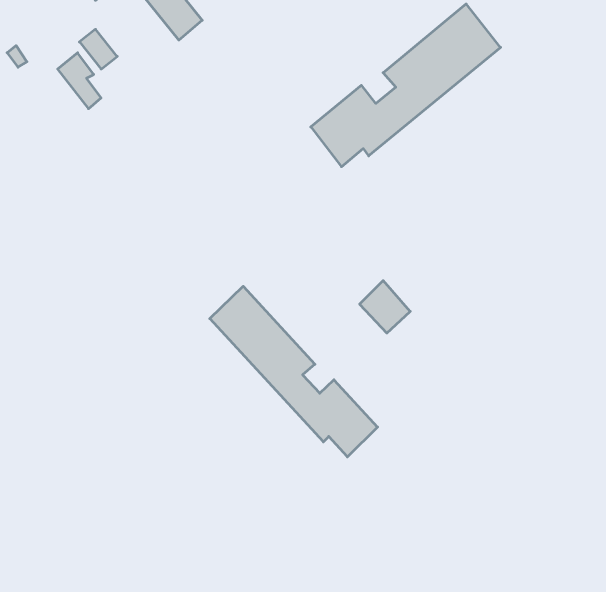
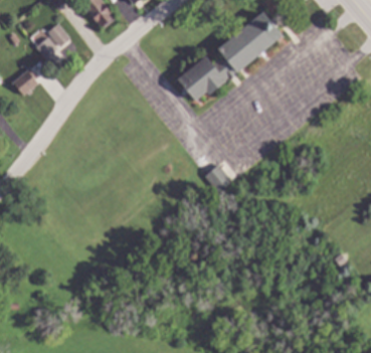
building: none -> [12,67,39,96]
building: [210,286,378,457] -> none

